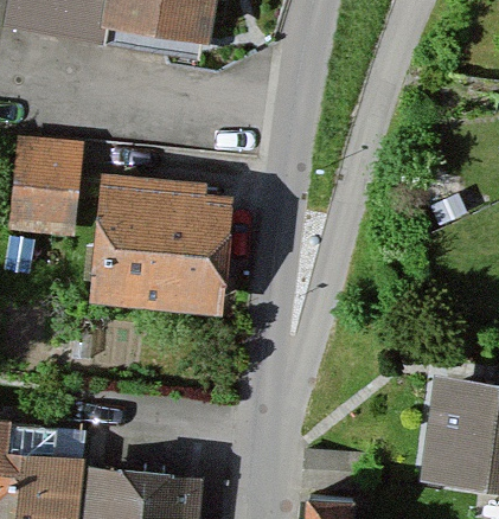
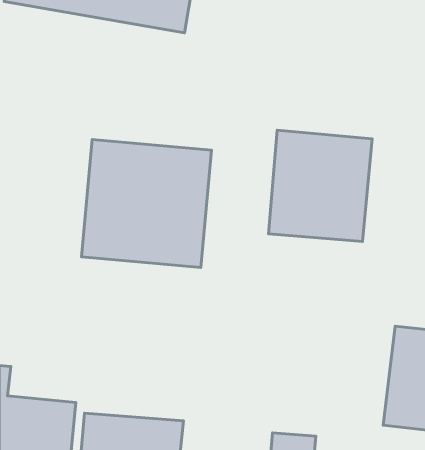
building: [11,141,81,226] -> none
building: none -> [268,130,372,242]

